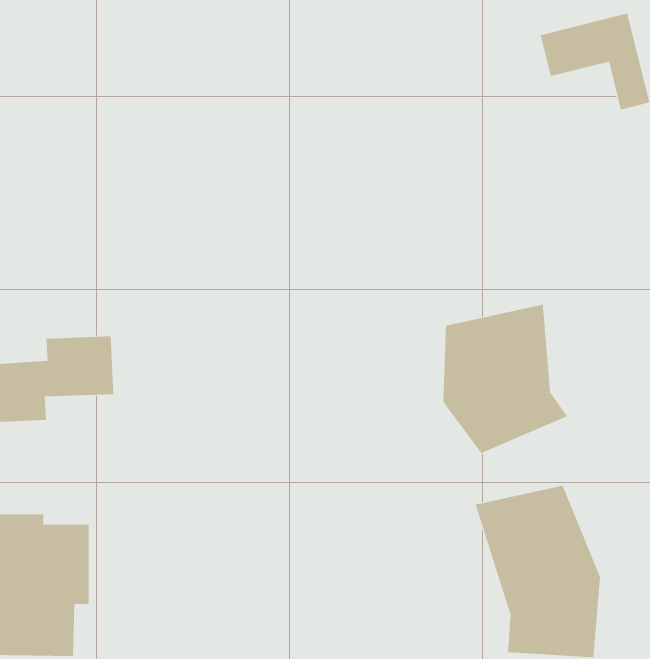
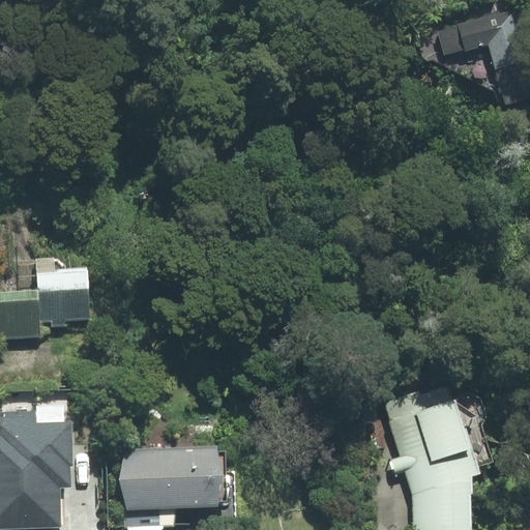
building: [443,304,568,454] -> none
building: none -> [116,444,227,513]

